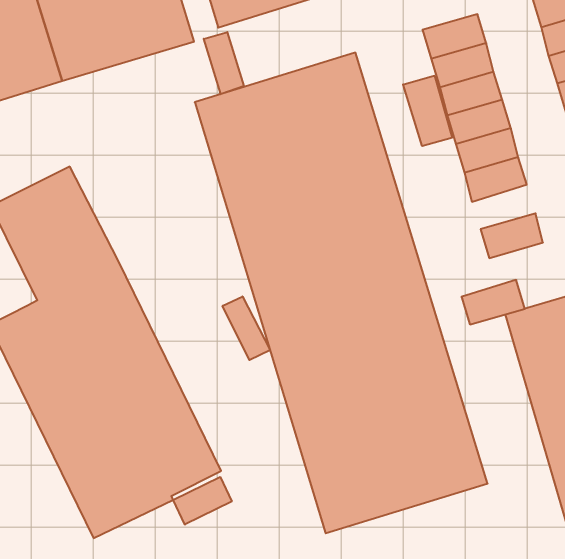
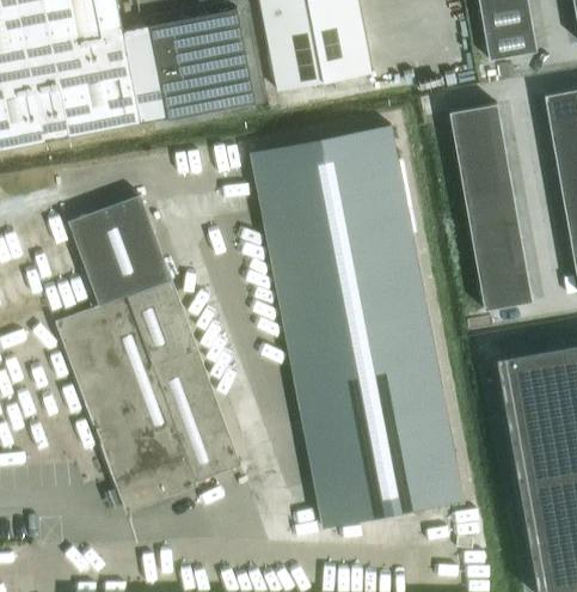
building: [204,32,244,94] -> none
building: [403,76,452,146] -> none
building: [461,280,525,324] -> [475,251,528,285]
building: [223,296,270,360] -> none
building: [173,477,232,525] -> none

